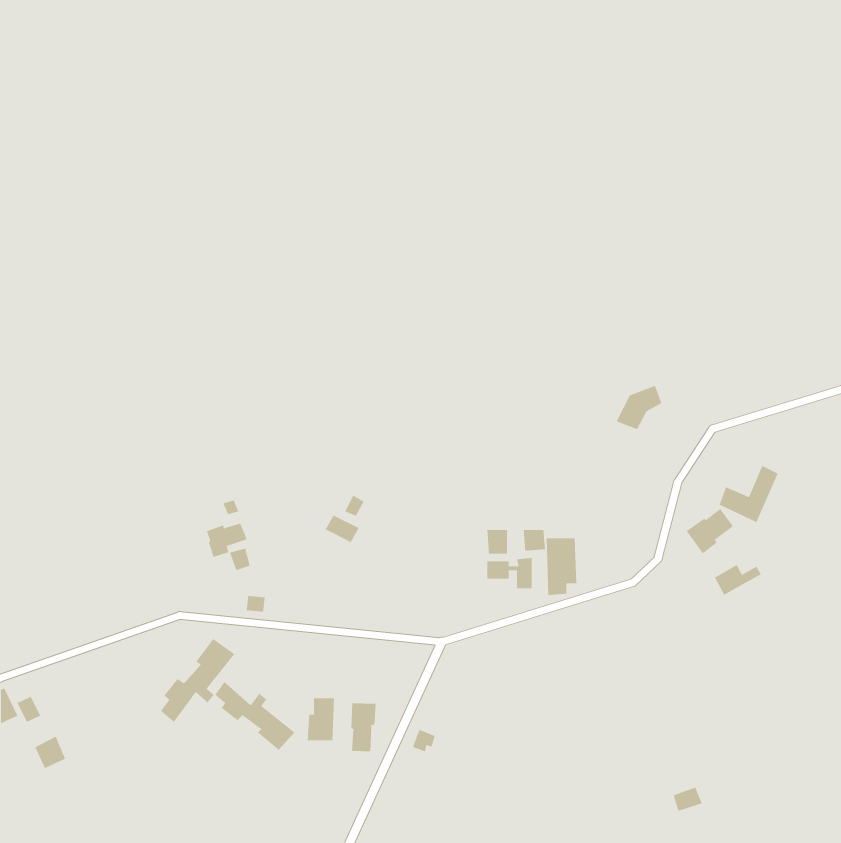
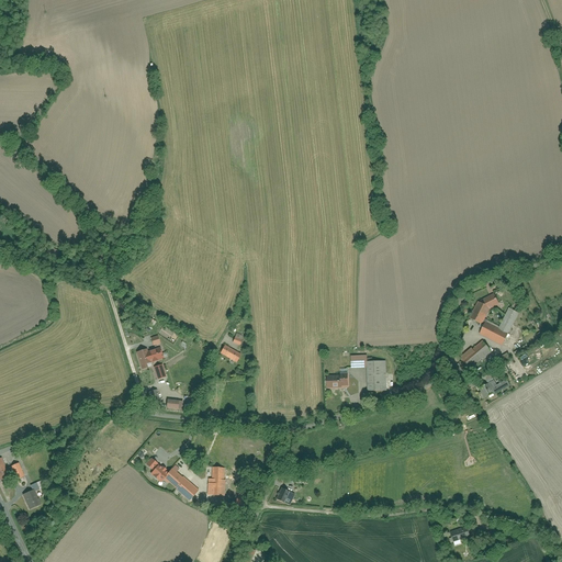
building: [616,385,662,430] -> [470,294,501,324]
building: [160,638,235,723] -> none
building: [351,702,376,752] -> none

